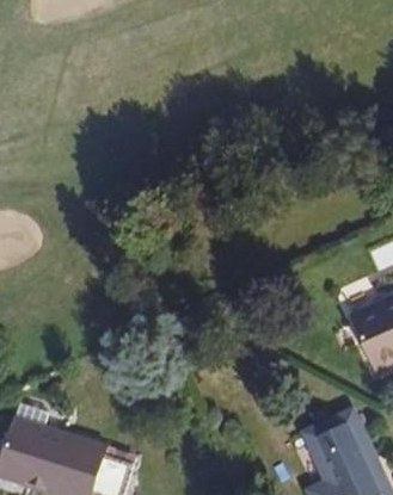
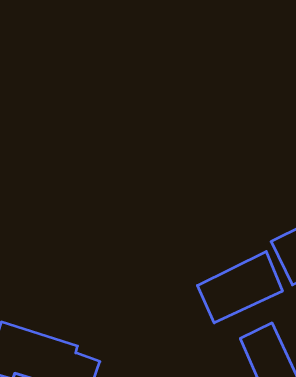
building: none -> [197,251,282,323]

